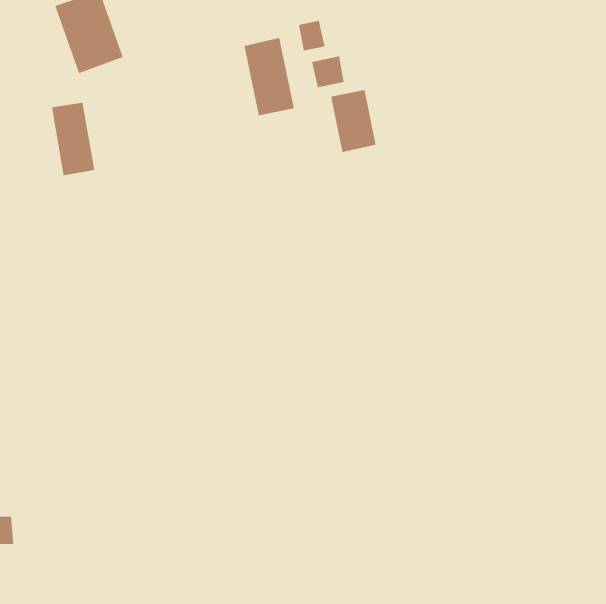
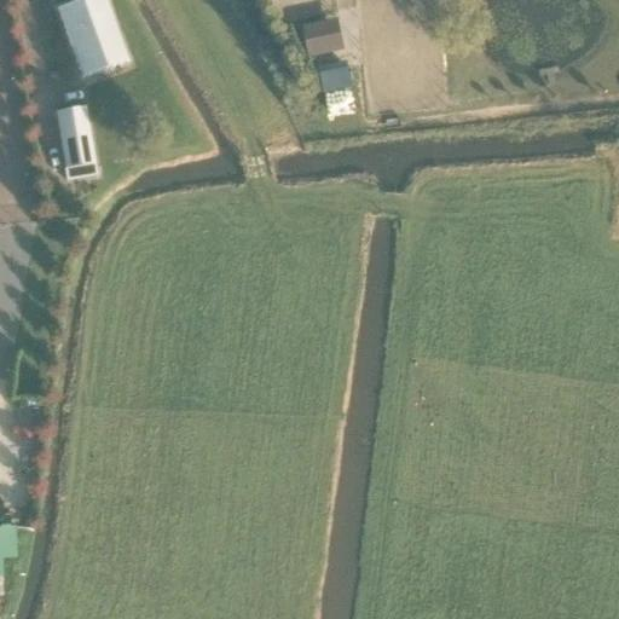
building: [244,37,294,116] -> none
building: [330,89,376,153] -> none

